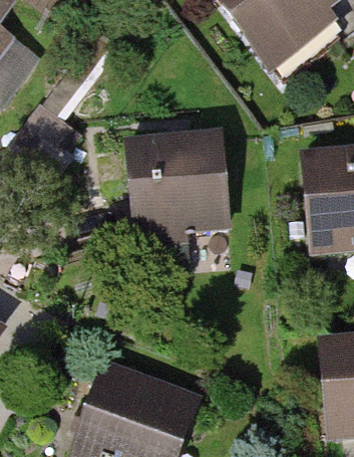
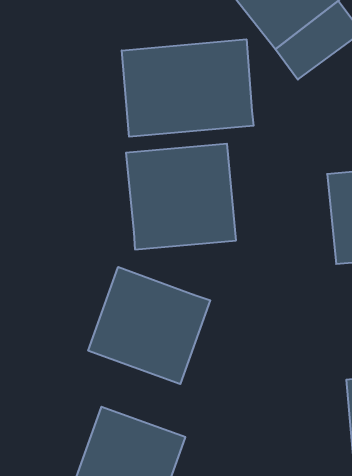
building: none -> [122,39,254,137]
building: none -> [88,267,210,384]

